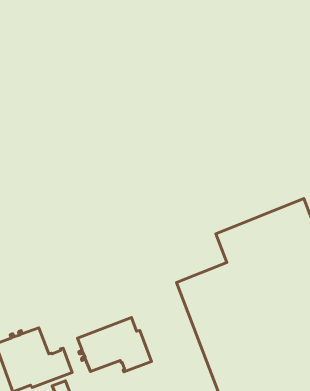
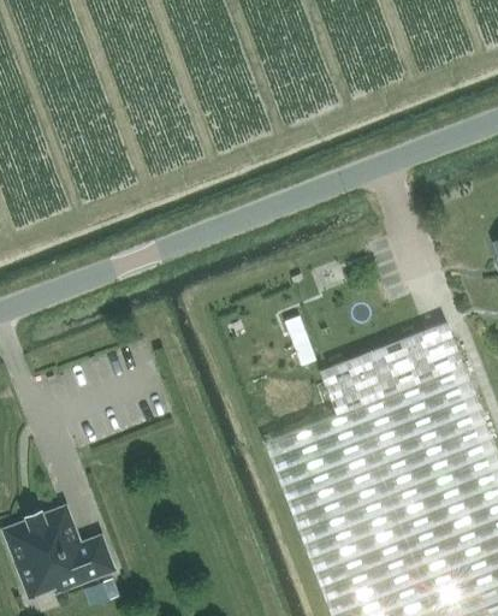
building: [78,318,151,372] -> none

